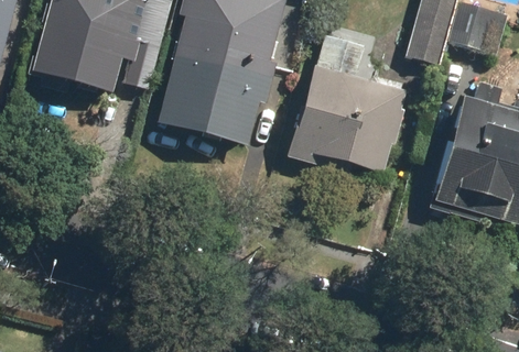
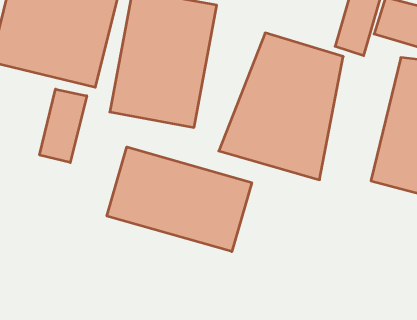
building: none -> [40,89,87,163]
building: none -> [107,147,252,252]

